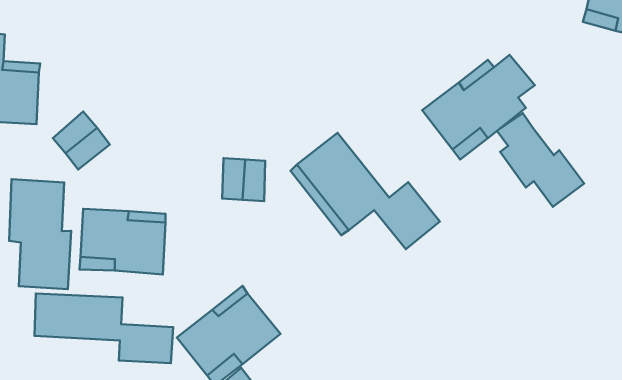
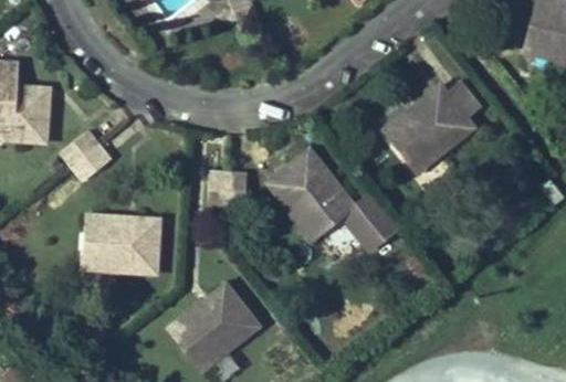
building: [497,113,584,207] -> none
building: [9,179,71,289] -> none
building: [34,294,173,363] -> none

